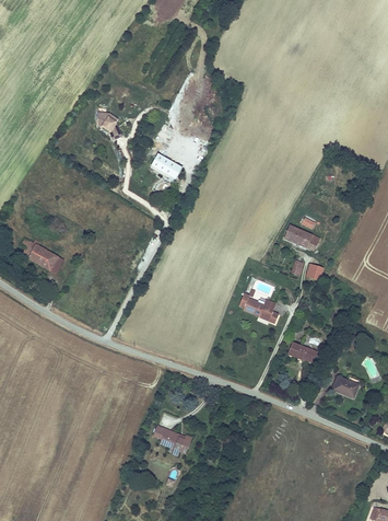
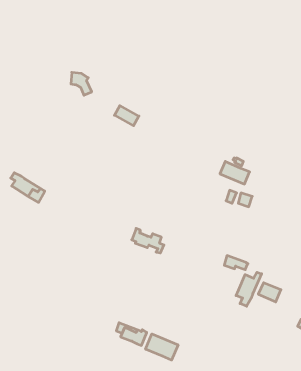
building: [239,292,280,323] -> [132,228,164,253]
building: none -> [236,272,262,306]
building: none -> [146,334,178,360]

